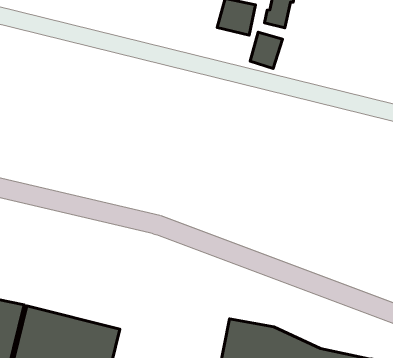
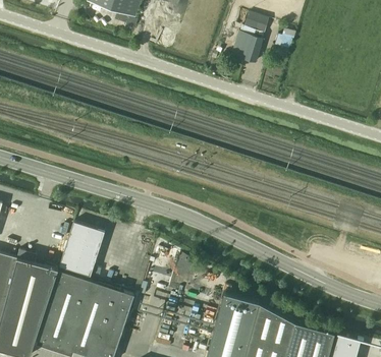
building: [250,32,283,69] -> none
building: none -> [58,224,104,278]

